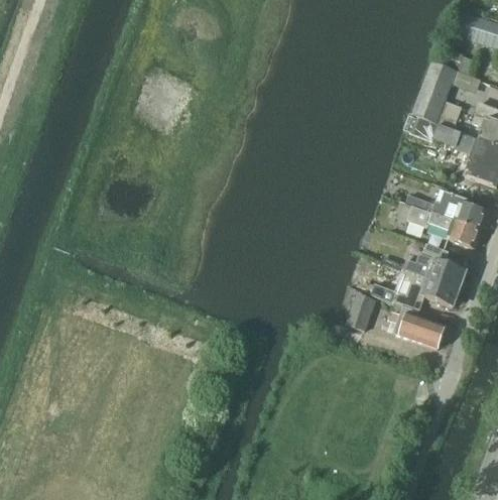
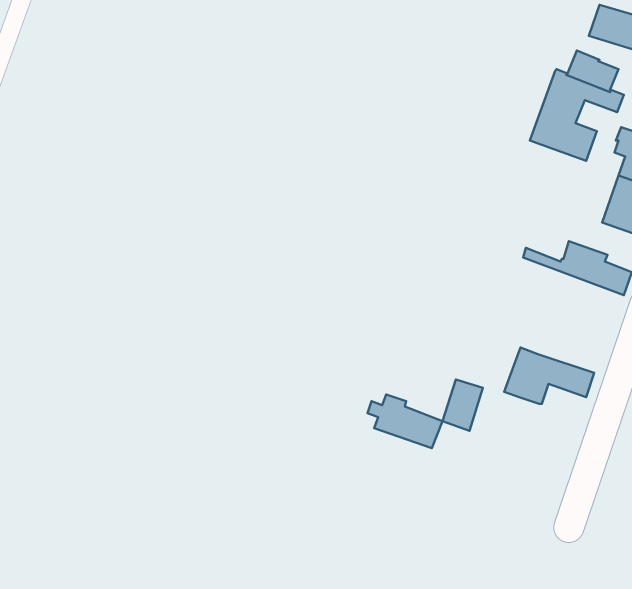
building: [404,114,463,148] -> none
building: [395,202,483,249] -> none
building: [383,244,467,289] -> none
building: [390,307,447,348] -> [367,394,443,448]

